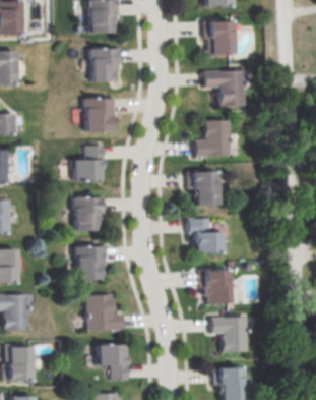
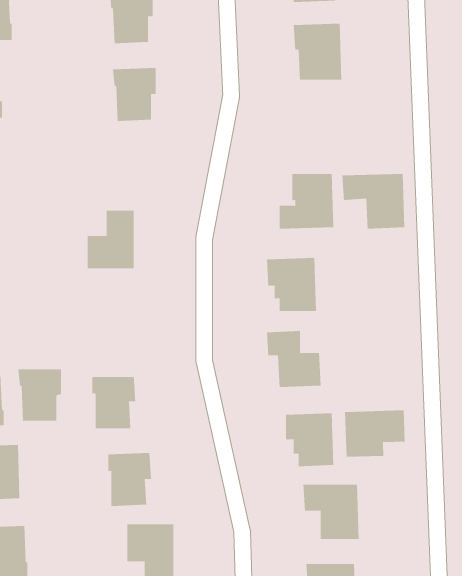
building: [203,71,244,107] -> [342,174,405,229]
building: [85,96,116,129] -> none
building: [72,199,101,233] -> [18,369,62,421]
building: none -> [345,409,405,458]

